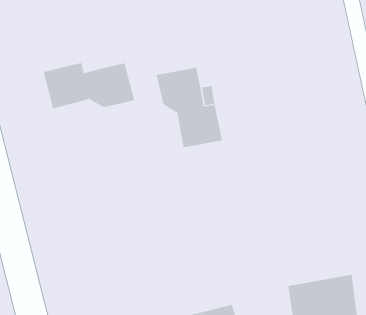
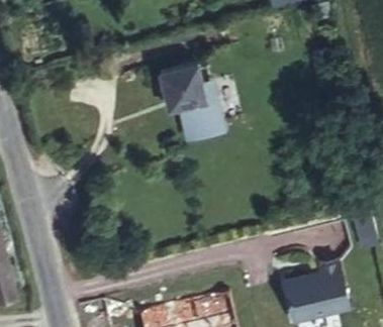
building: [43,62,135,109] -> none

